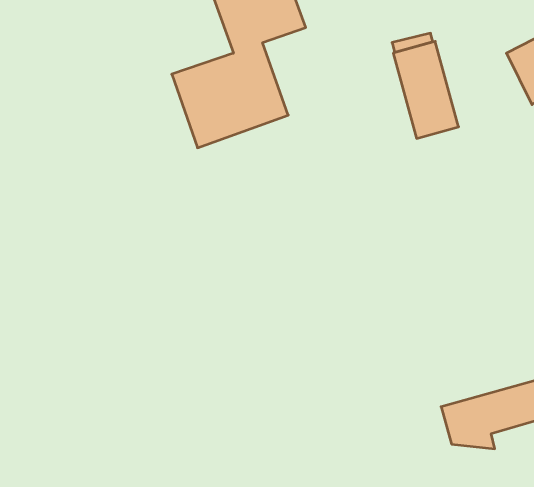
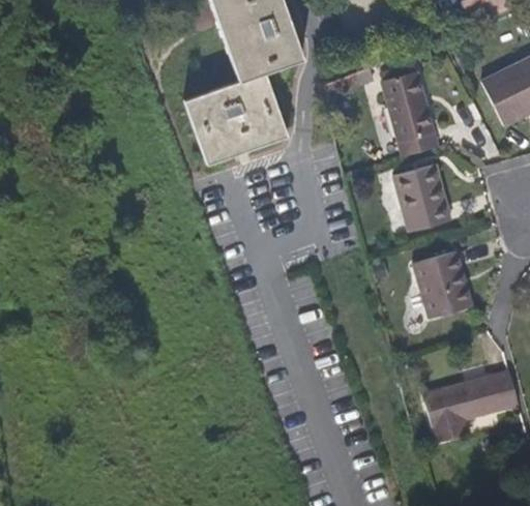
building: none -> [393,162,452,232]
building: none -> [413,251,472,318]

